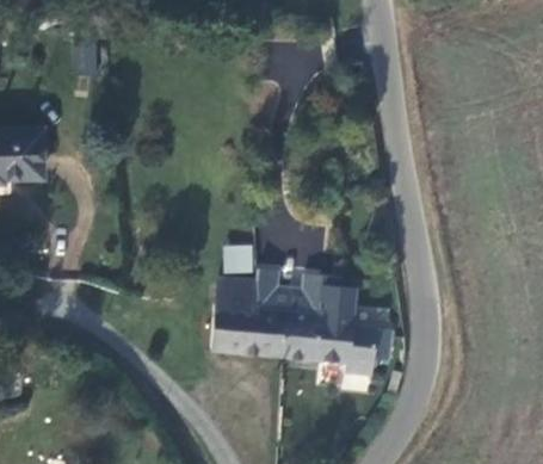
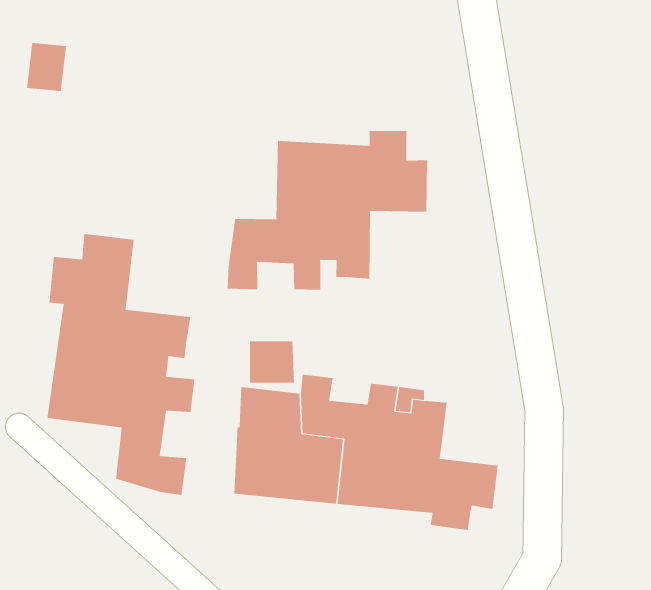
building: none -> [227,130,427,290]
building: none -> [47,233,195,496]

